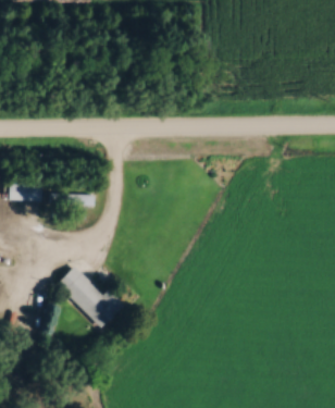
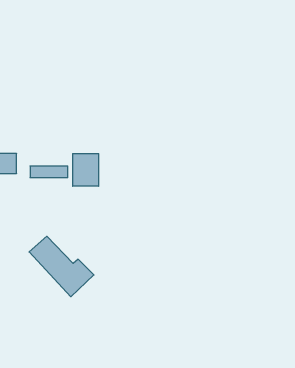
building: none -> [73,154,99,186]

